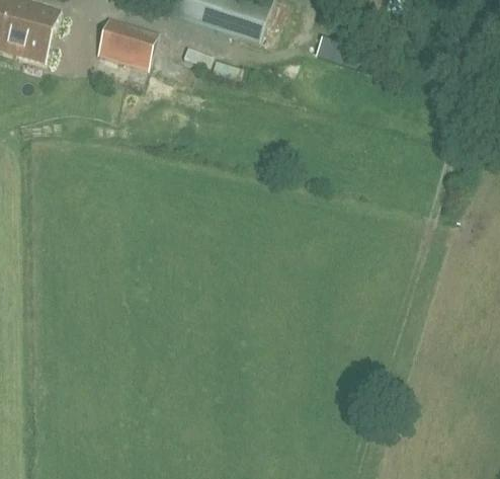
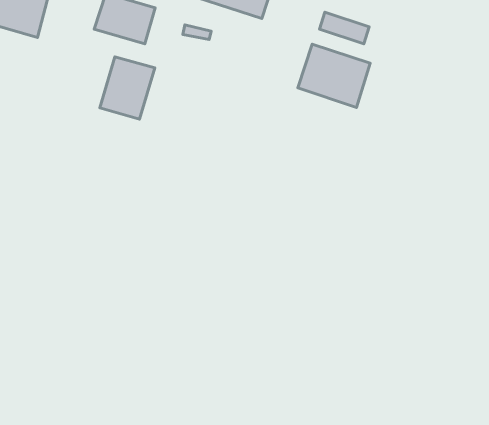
building: none -> [298,44,370,107]
building: none -> [100,57,155,119]

